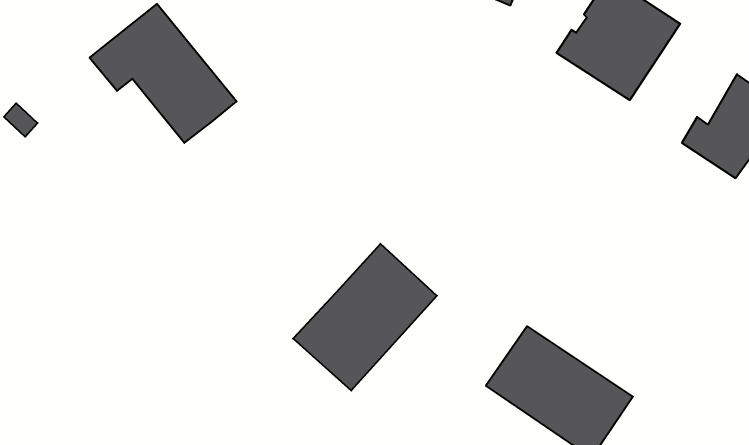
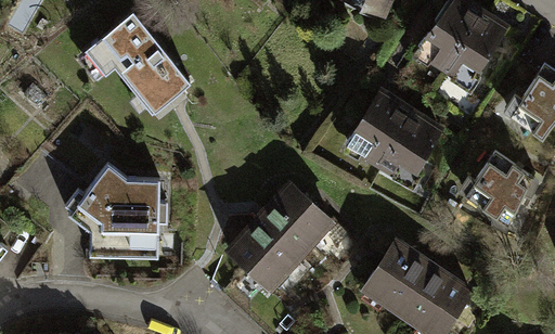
building: none -> [345,93,439,177]
building: none -> [460,153,539,232]
building: none -> [66,165,168,245]

